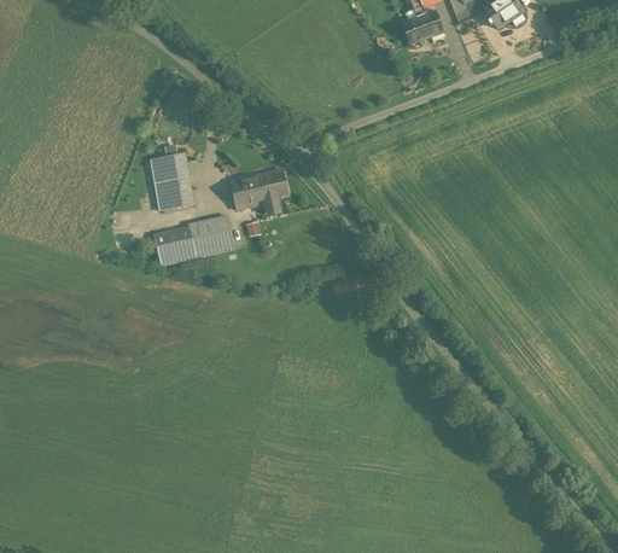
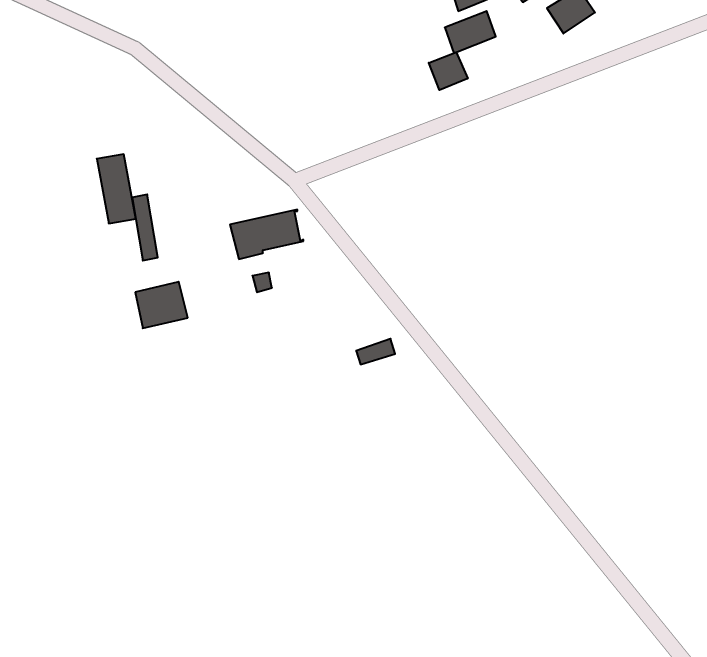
building: none -> [429,52,468,90]
building: [161,153,192,209] -> [97,154,136,223]
building: [187,216,233,257] -> none

